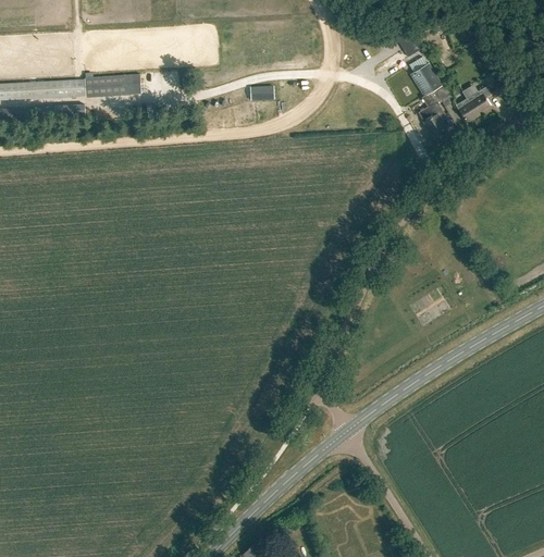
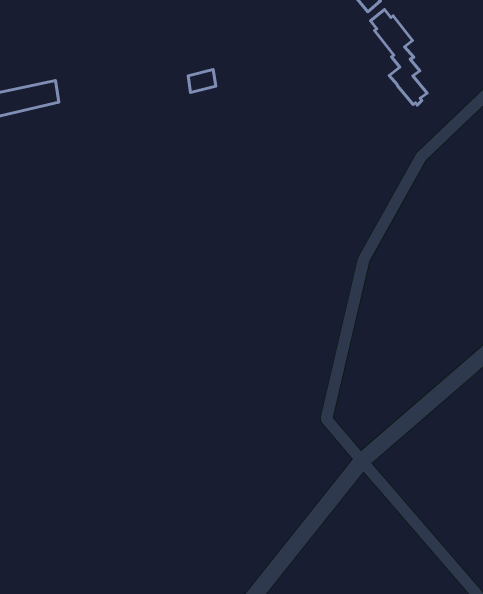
building: [456,87,490,122] -> none

